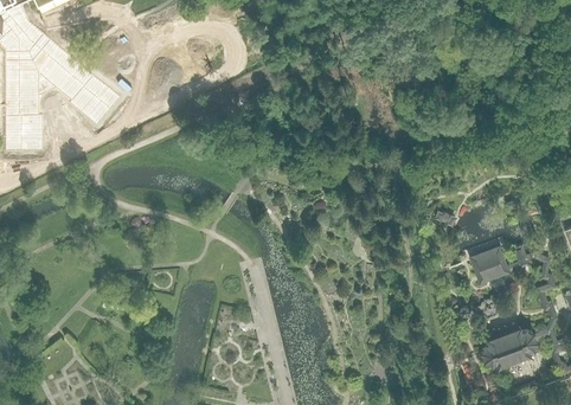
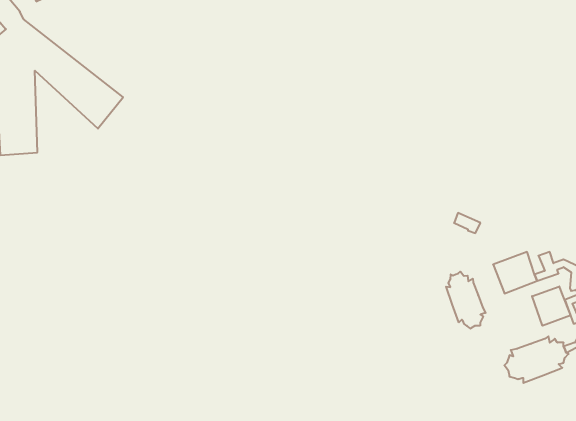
building: none -> [446,272,486,329]
building: none -> [532,286,571,326]

